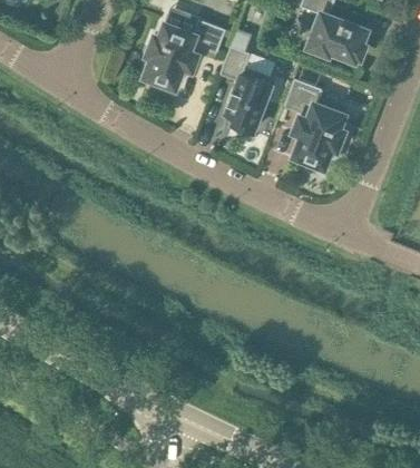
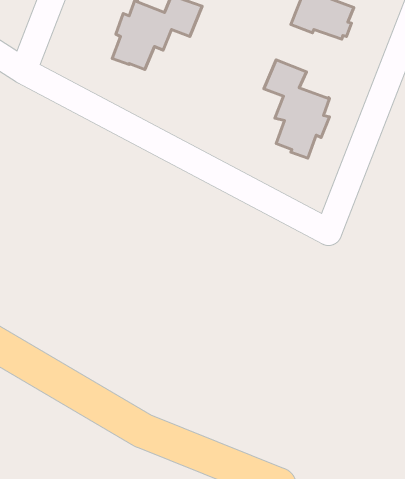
building: [218,47,272,134] -> none

